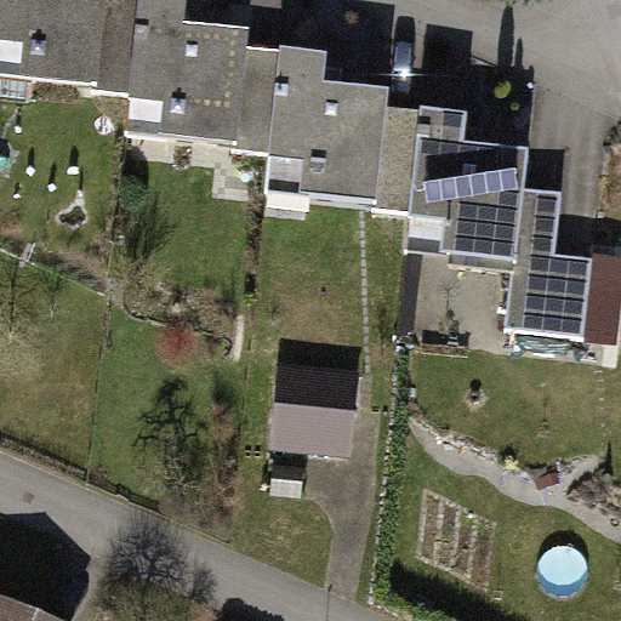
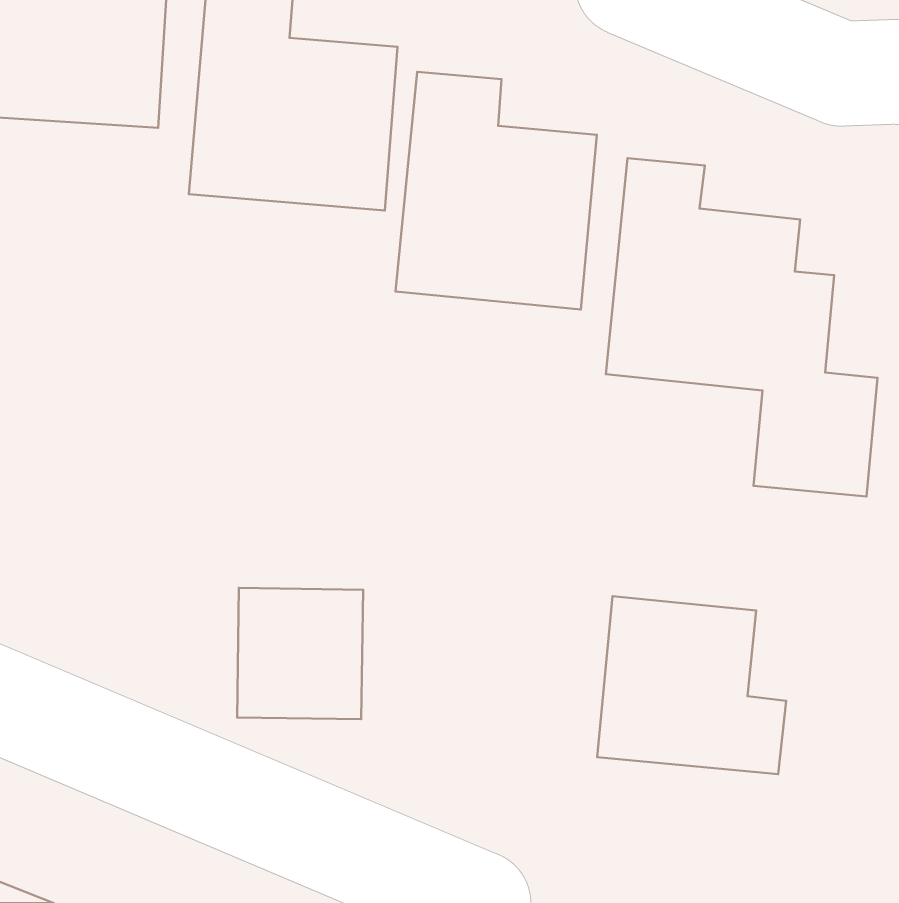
building: [266,363,351,451] -> [237,588,363,719]
building: none -> [597,596,786,774]

